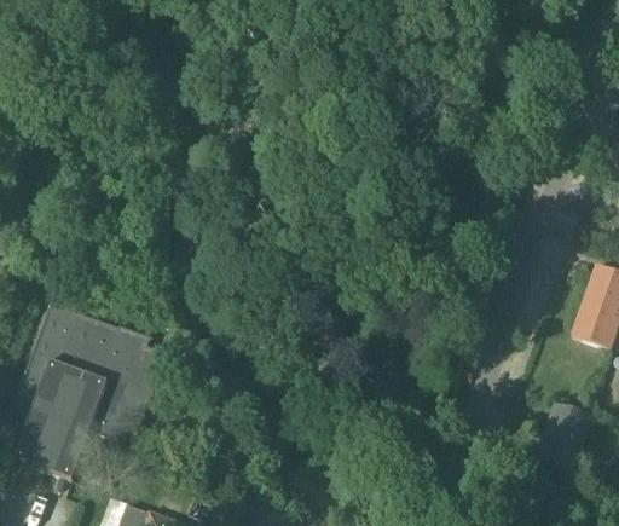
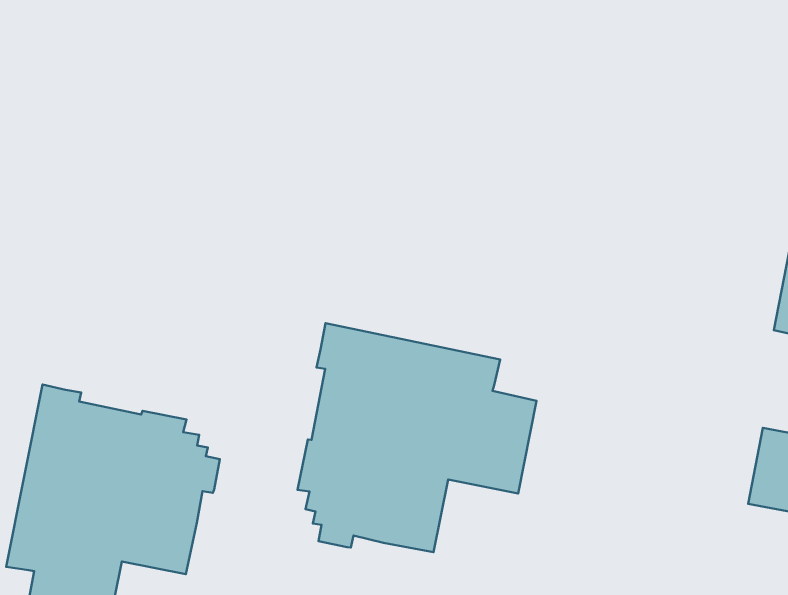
building: none -> [297,323,536,552]

